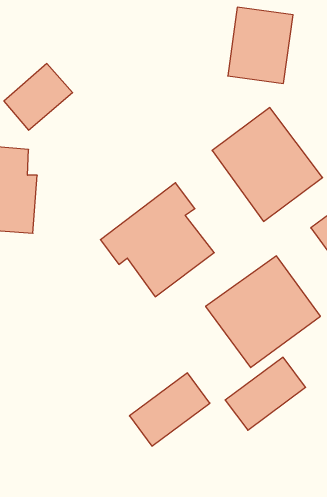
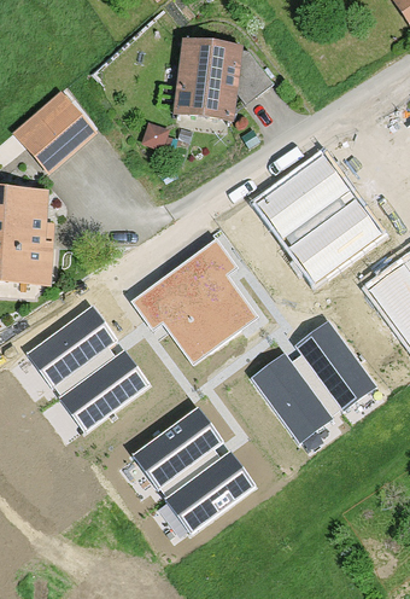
building: [228,7,293,83] -> [175,43,248,129]
building: none -> [25,303,117,385]
building: none -> [57,347,147,430]
building: [225,357,306,430] -> [130,405,221,487]

